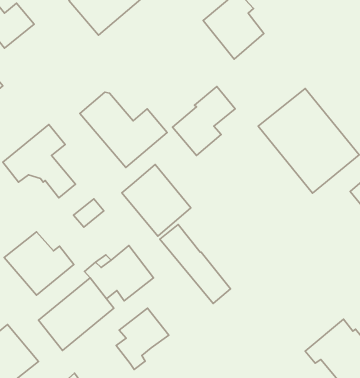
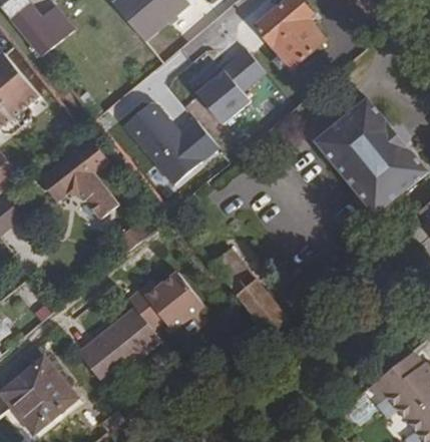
building: [173,87,235,156] -> [196,49,265,124]
building: [122,165,191,236] -> none
building: [4,232,74,295] -> none
building: [116,308,169,369] -> none

